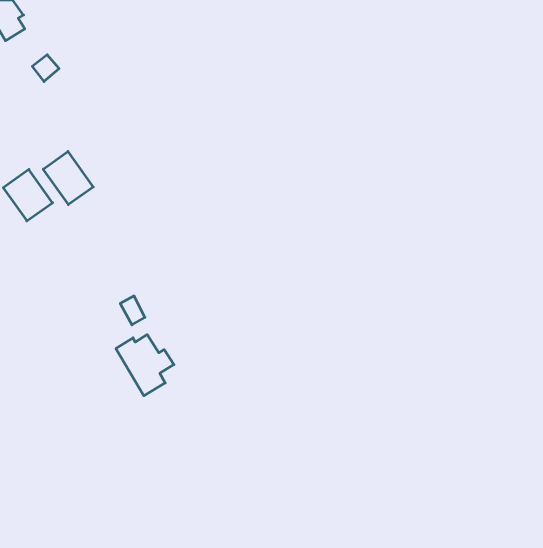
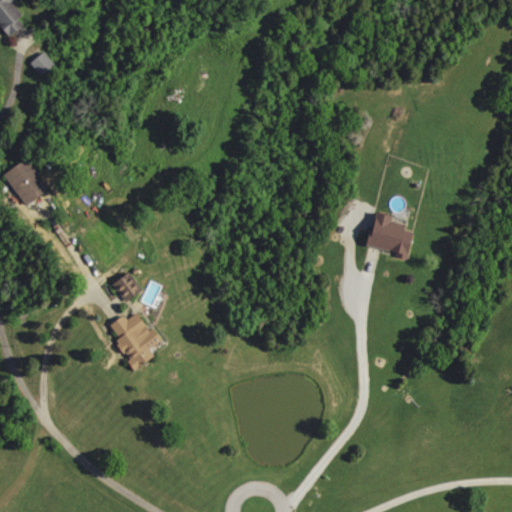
building: [43,151,93,205] -> none
building: none -> [366,212,415,256]

